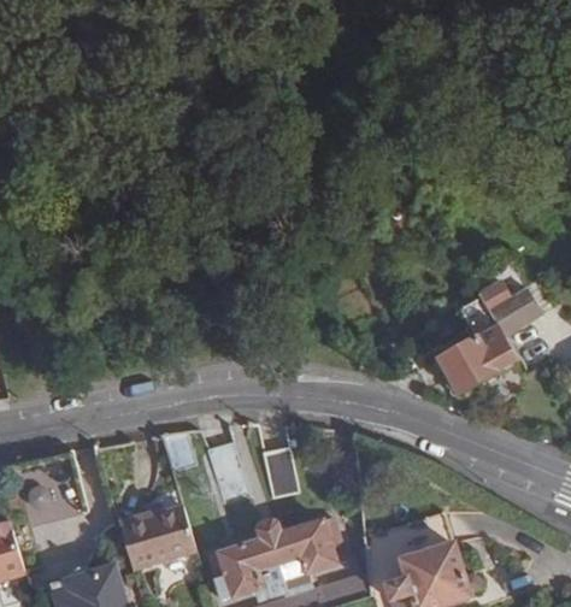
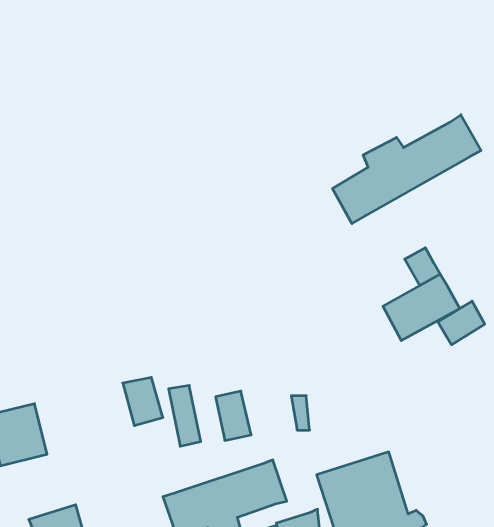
building: none -> [333,115,481,224]
building: [490,290,540,336] -> [438,301,485,345]
building: [118,507,195,568] -> none

